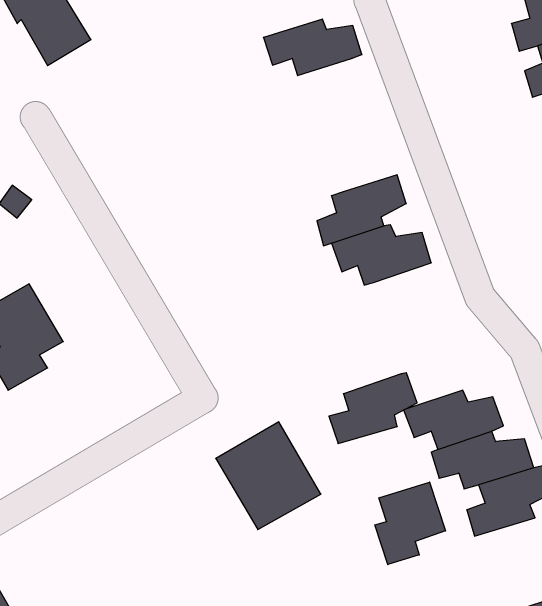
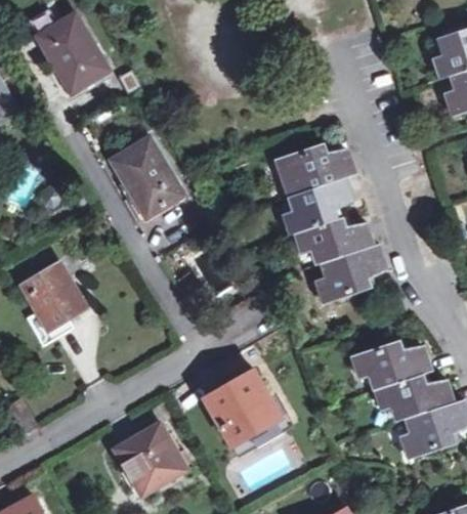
building: [263,19,362,76] -> [277,144,353,188]
building: none -> [114,136,182,213]
building: [329,373,417,444] -> [315,243,384,298]
building: [375,482,446,565] -> none
building: none -> [114,420,186,492]

